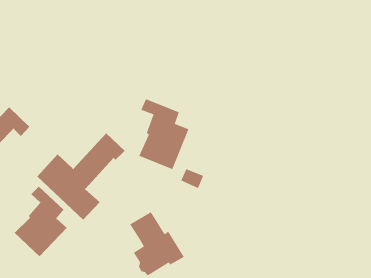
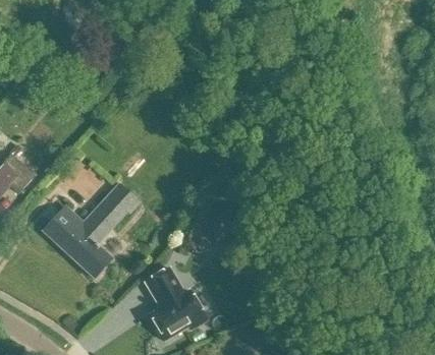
building: [138,98,190,170] -> none
building: [14,186,67,257] -> none

